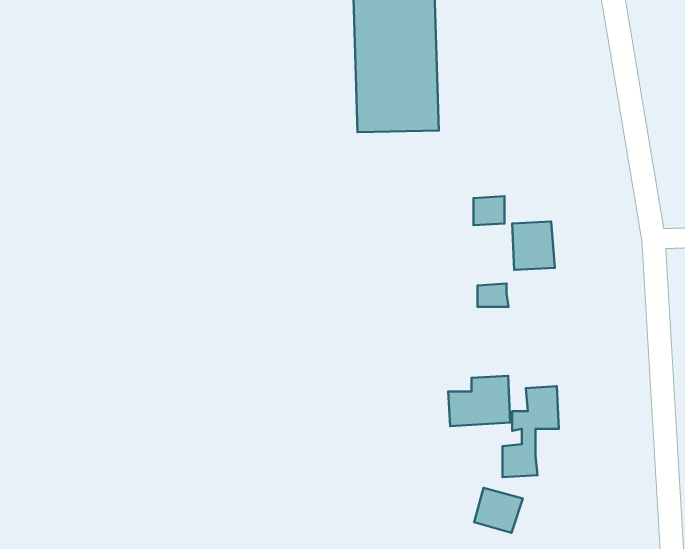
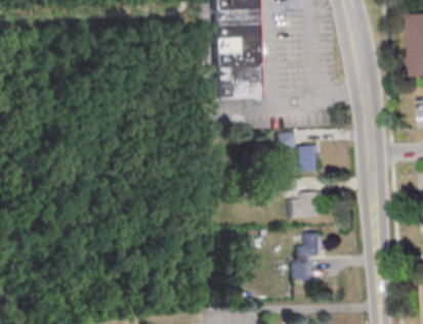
building: [448,376,510,426] -> [289,191,322,218]
building: [474,488,523,533] -> none

